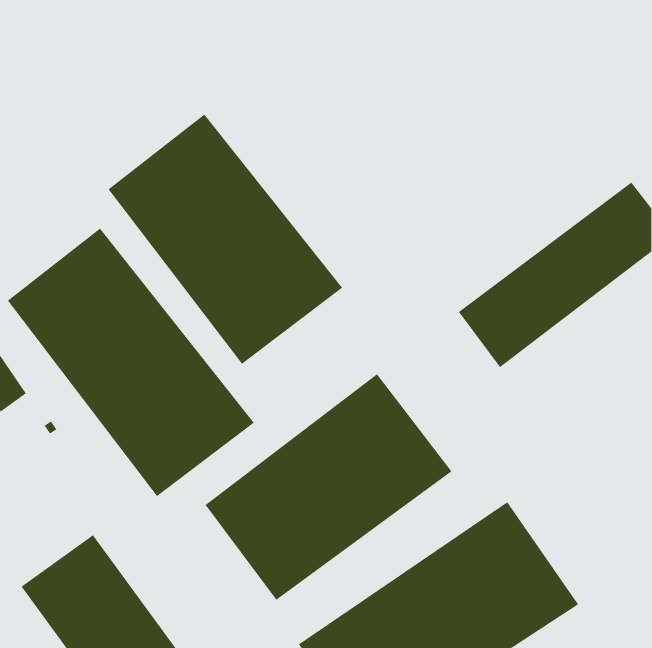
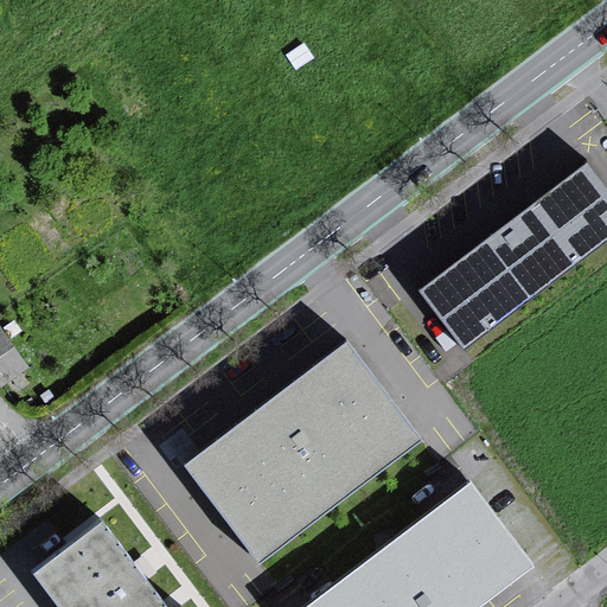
building: [108,113,343,365] -> none
building: [7,227,255,497] -> none

